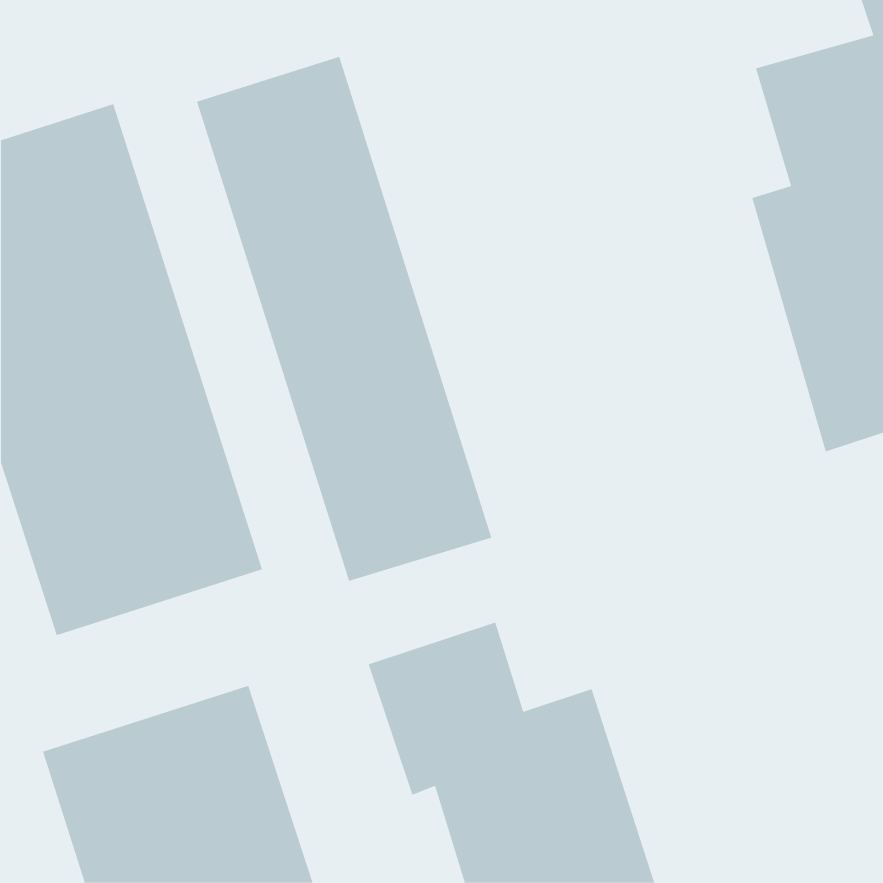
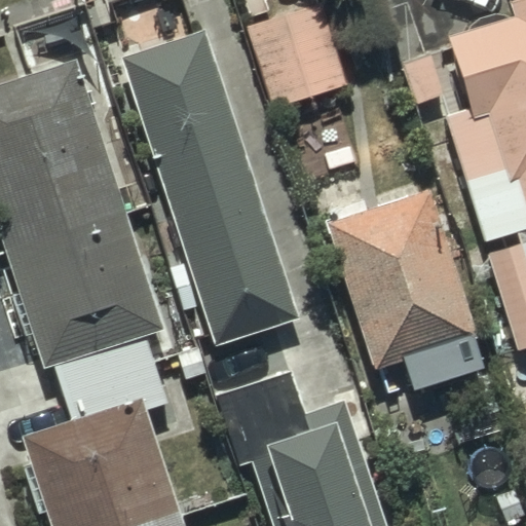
building: none -> [250,6,350,113]
building: none -> [328,193,482,374]

